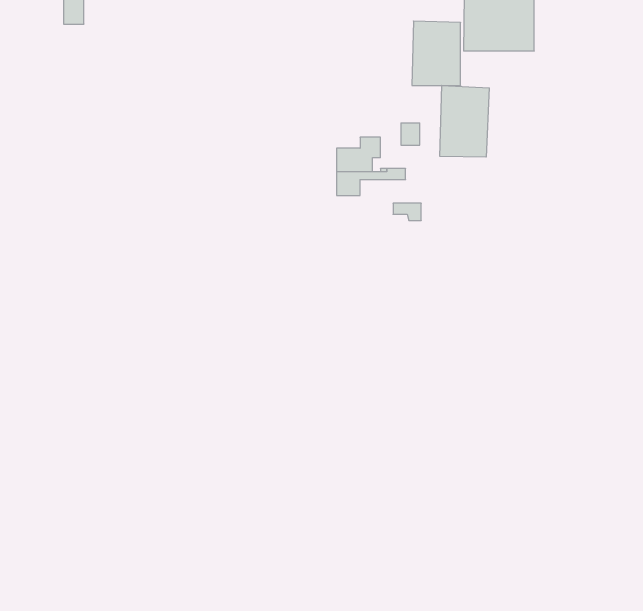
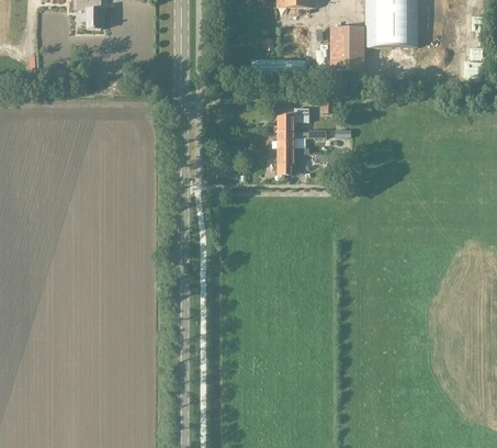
building: [440,85,489,157] -> none
building: none -> [276,146,308,170]

